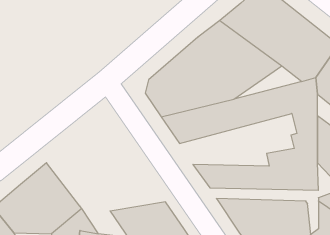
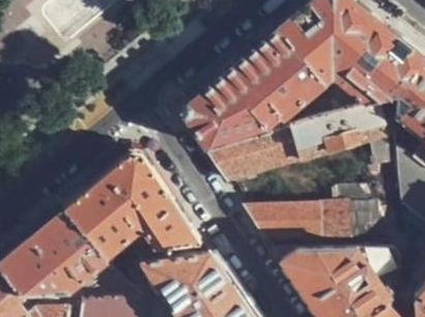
building: none -> [64,152,201,259]

